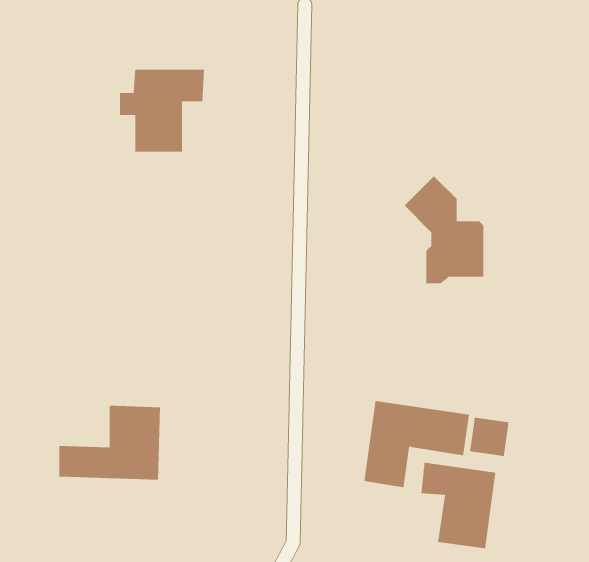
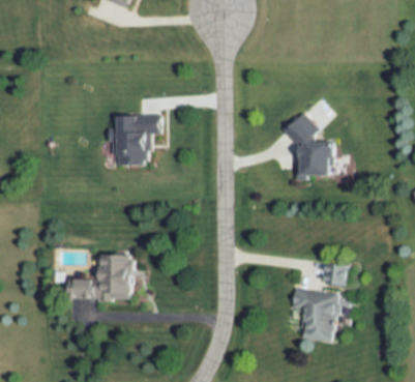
building: [119,69,205,153] -> [108,114,160,166]
building: [363,400,470,488] -> none

